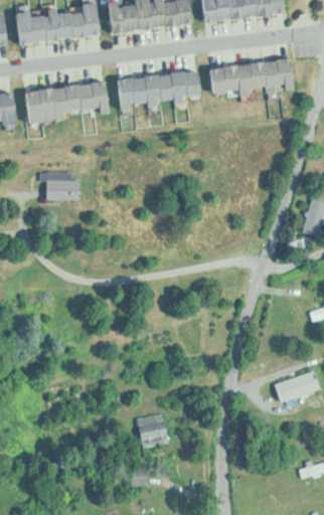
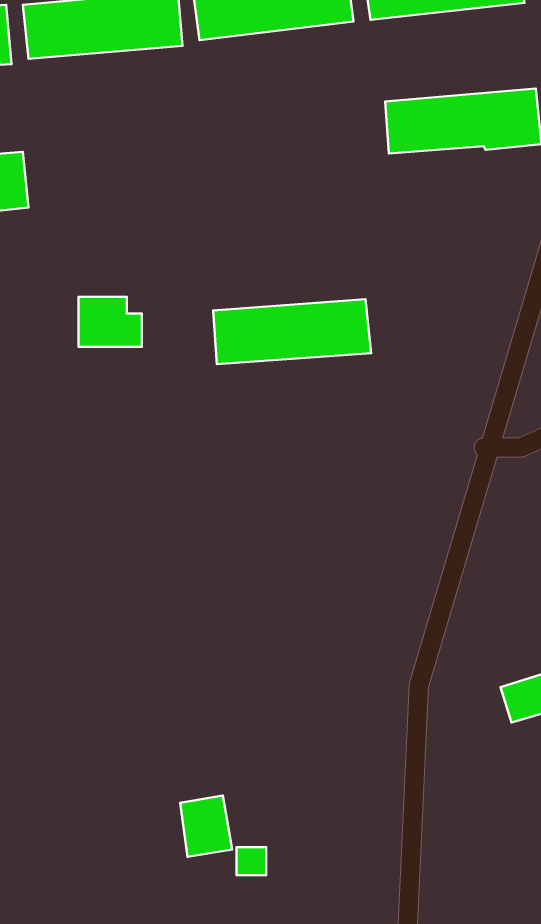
building: [118,71,203,107] -> [213,299,371,364]
building: [26,83,111,123] -> none
building: [138,414,166,448] -> [180,796,232,857]

